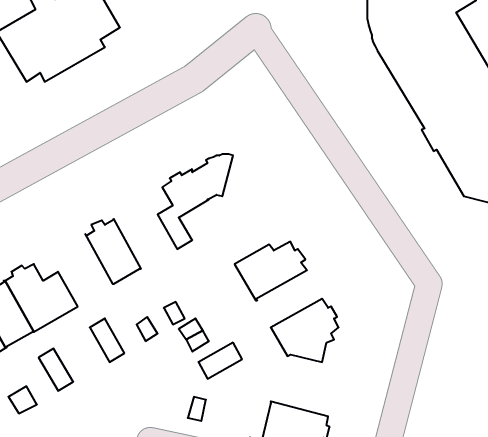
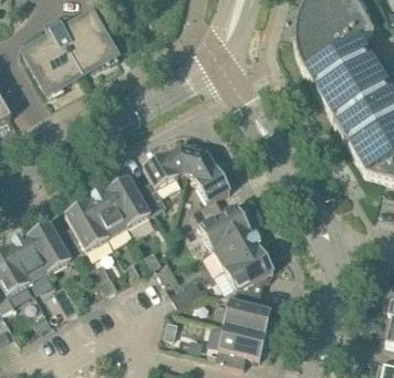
building: none -> [188,144,230,223]
building: none -> [107,178,155,228]
building: none -> [65,201,108,254]
building: none -> [212,228,261,270]
building: none -> [224,290,272,335]

